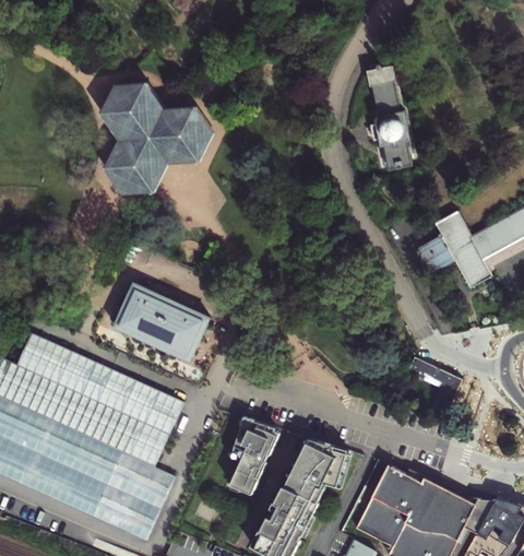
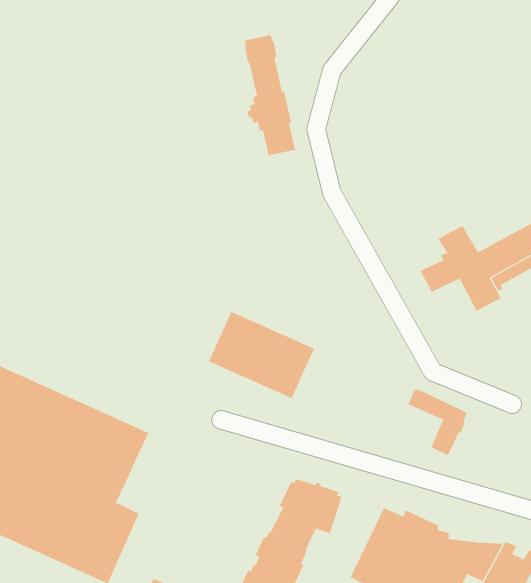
building: [368,59,415,169] -> [244,35,296,156]
building: [103,82,216,196] -> none
building: [114,283,211,363] -> [208,311,315,399]
building: [226,419,277,497] -> none

